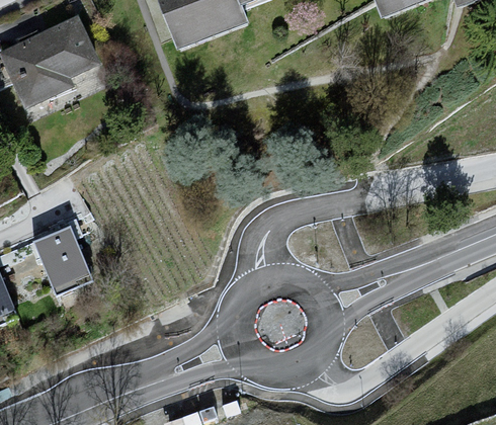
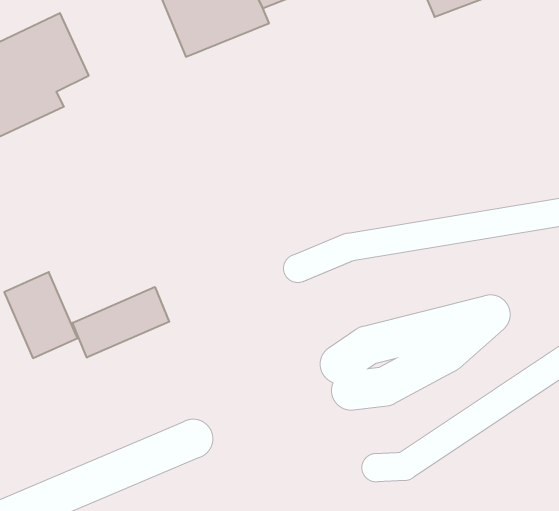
building: none -> [72,287,169,358]

